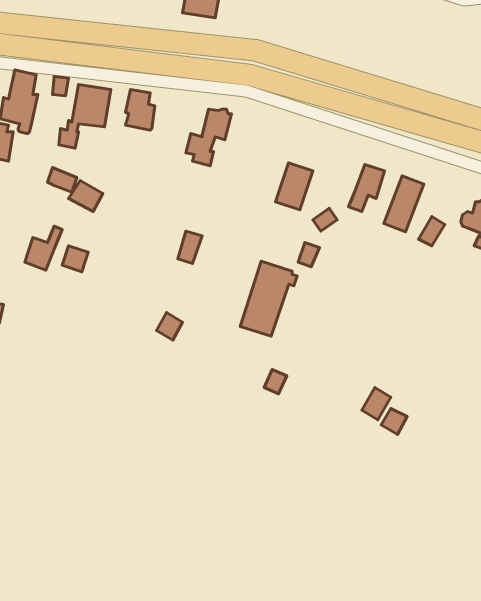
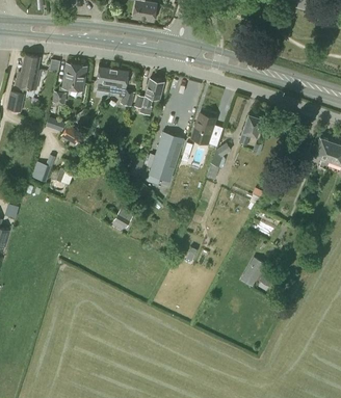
building: none -> [110,69,135,107]
building: [384,176,424,232] -> none
building: [240,261,297,336] -> [149,132,185,180]

